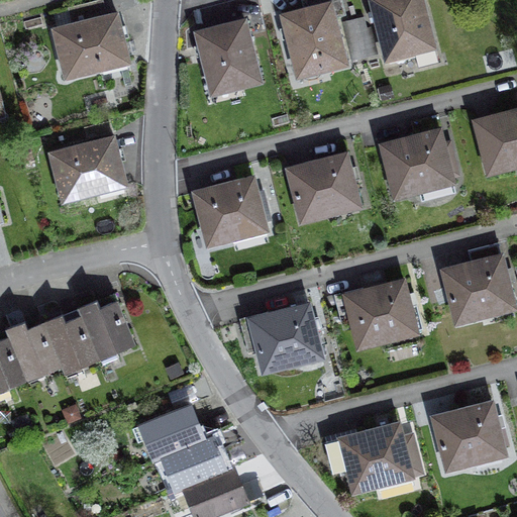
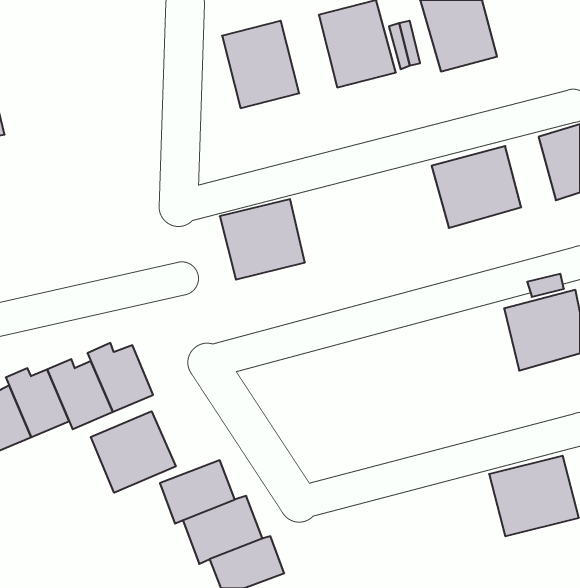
building: [51,11,129,79] -> none
building: [48,134,127,203] -> none
building: [286,151,361,222] -> none
building: [341,279,418,351] -> none
building: [248,303,324,379] -> none
building: none -> [91,411,176,493]
building: [339,423,420,492] -> none

